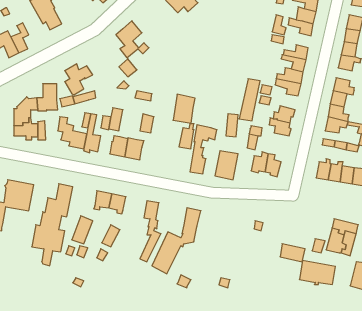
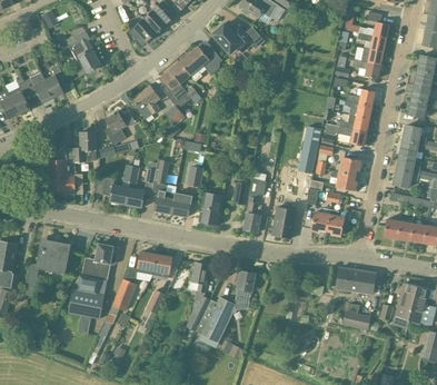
building: none -> [179,46,222,80]
building: none -> [131,85,160,118]
building: [173,94,195,123] -> [199,191,224,224]
building: [299,260,335,284] -> [336,266,376,293]

